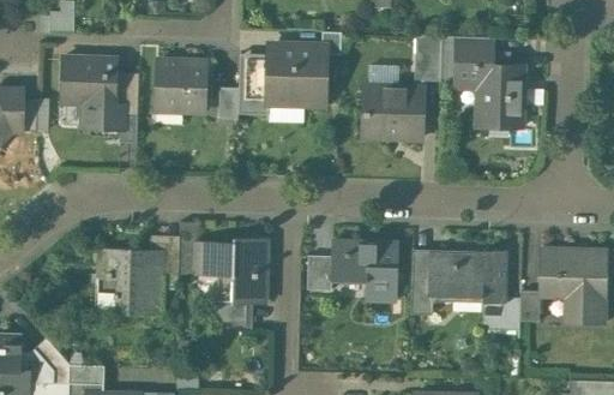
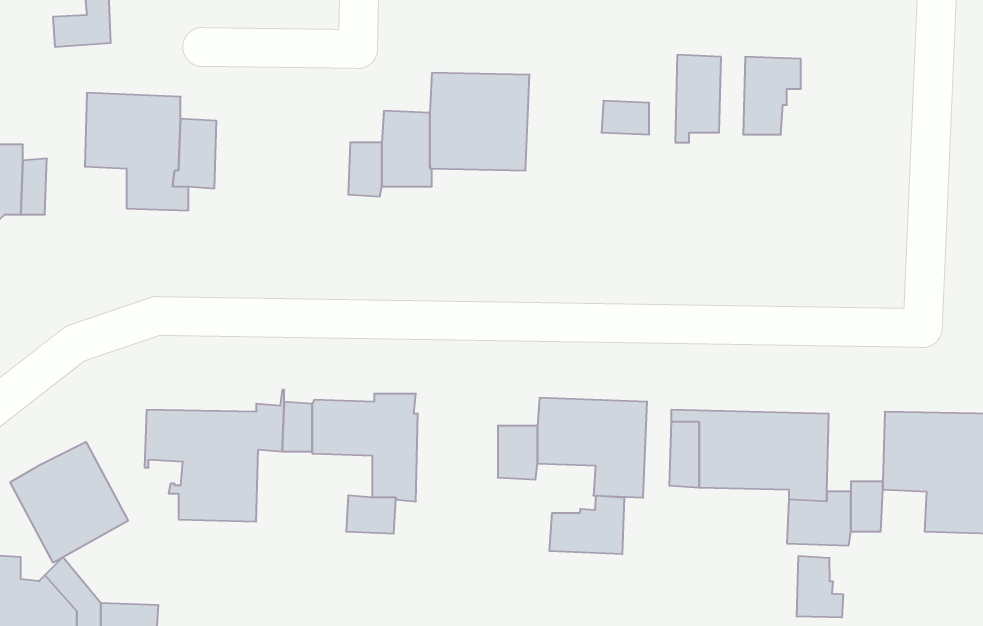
building: [155,61,205,112] -> none
building: [476,65,522,128] -> none
building: [361,86,422,138] -> none
building: none -> [10,442,128,563]
building: none -> [550,496,624,554]
building: none -> [797,556,843,618]

